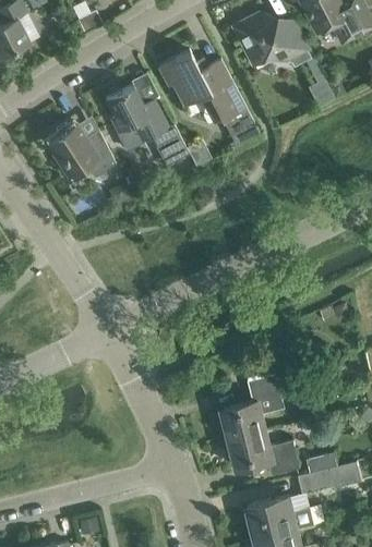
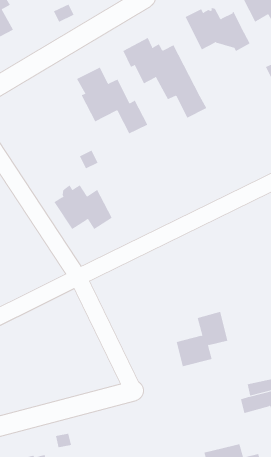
building: [45,124,115,178] -> [53,185,112,230]
building: [229,430,300,475] -> none
building: [247,496,313,540] -> none

